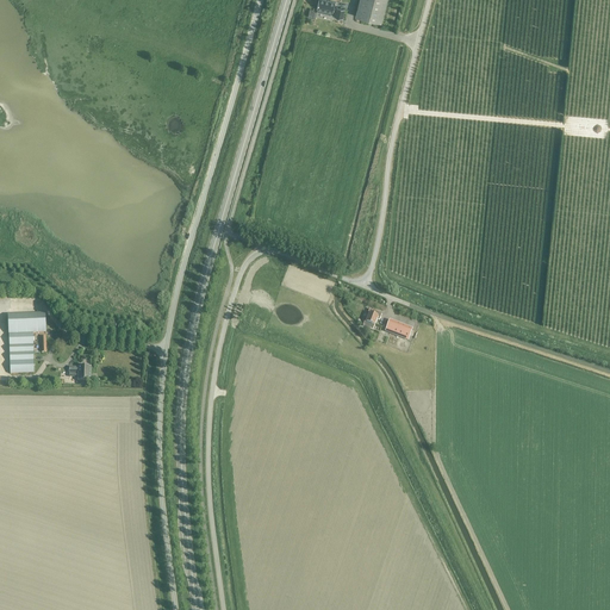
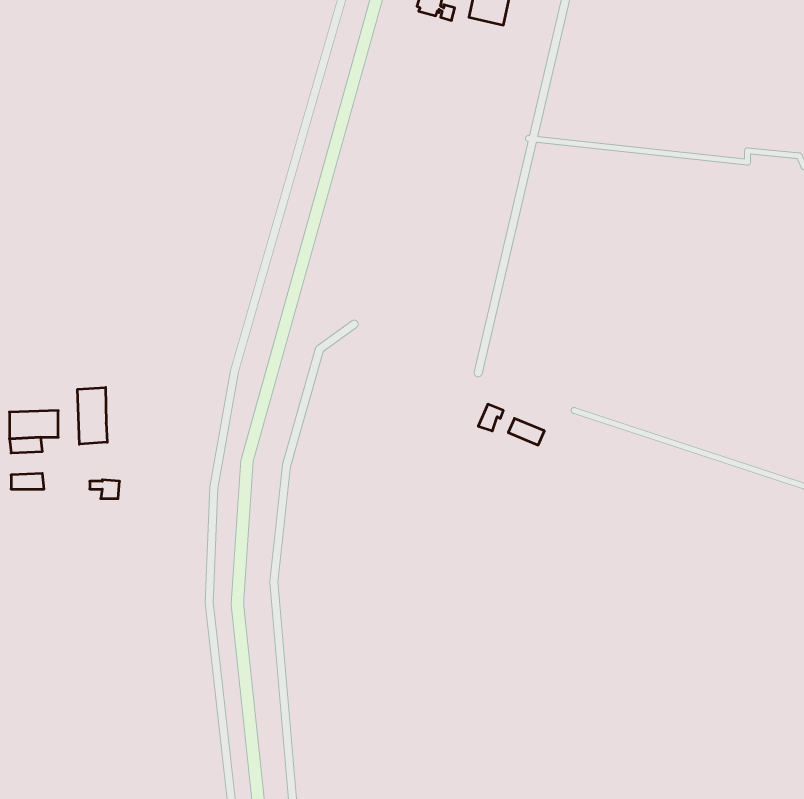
building: none -> [78,387,107,444]

